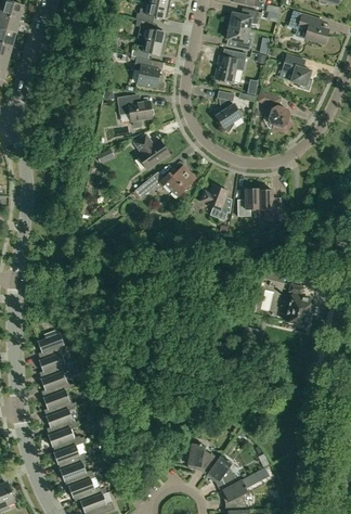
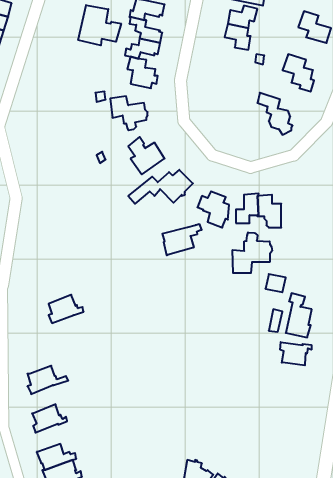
building: none -> [78,5,121,45]
building: [217,50,247,82] -> none
building: [216,90,240,132] -> none
building: none -> [162,224,202,255]
building: none -> [233,232,272,273]
building: none -> [280,342,311,365]
building: [37,333,70,360] -> [49,295,84,323]
building: [40,371,74,398] -> none
building: [44,408,79,435] -> none

